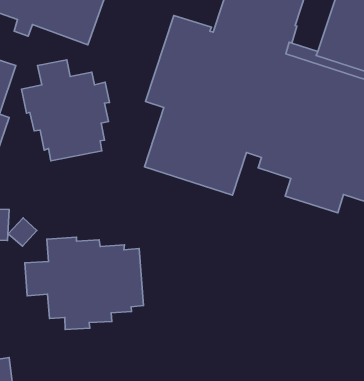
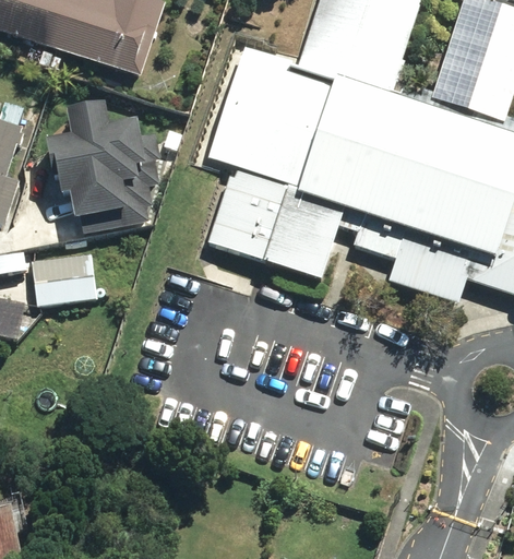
building: none -> [39,249,104,302]
building: [25,237,143,330] -> none

